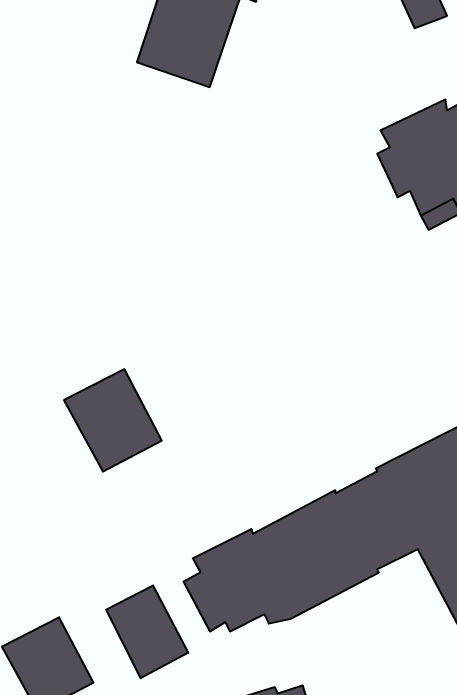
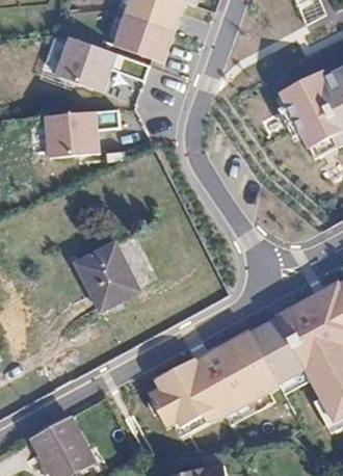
building: none -> [54,38,147,92]
building: none -> [46,111,120,160]
building: [106,585,188,678] -> none

